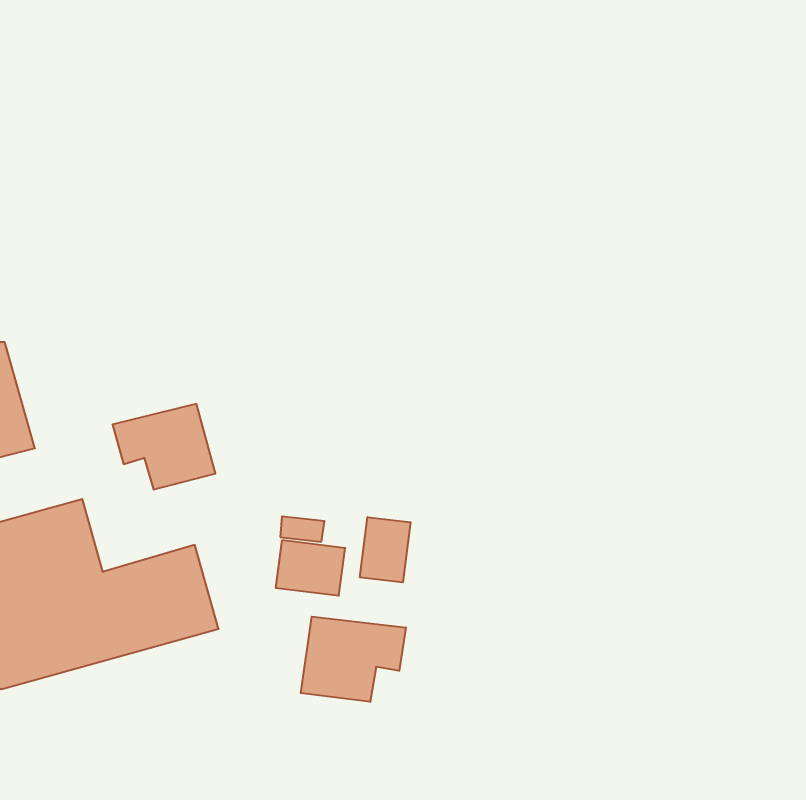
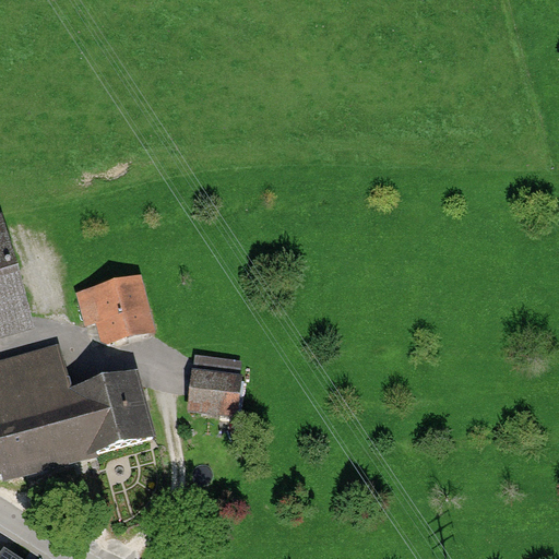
building: [360,517,410,582] -> none
building: [301,617,406,702] -> none

